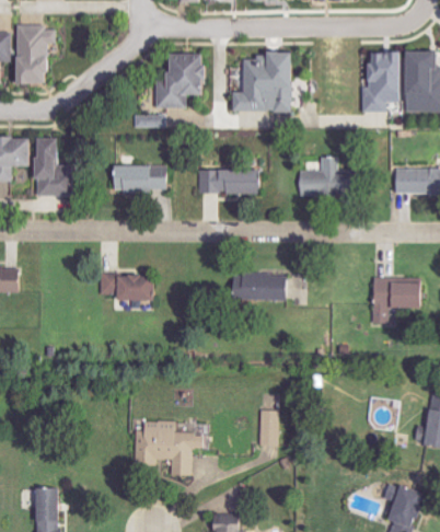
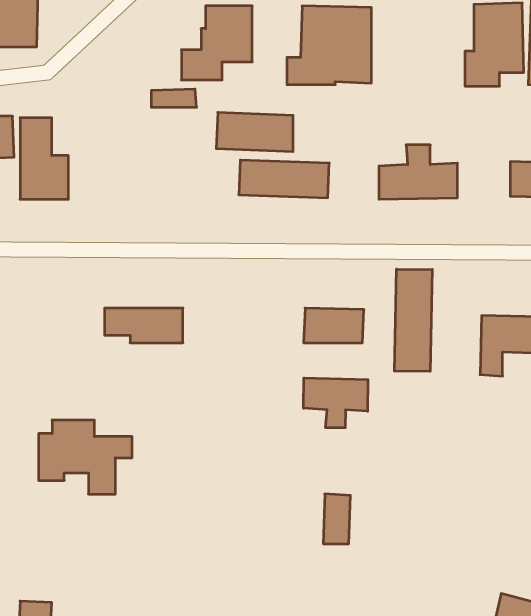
building: [111,163,166,192] -> [216,112,293,152]
building: none -> [394,269,432,371]
building: none -> [304,378,368,428]
building: [132,420,200,474] -> [39,420,132,494]

